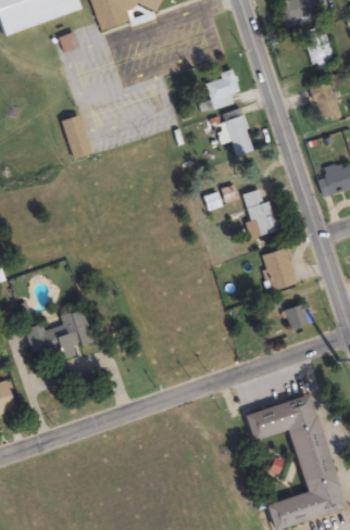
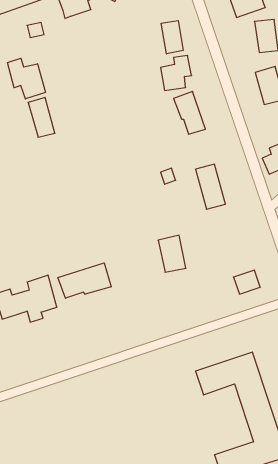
building: none -> [161,21,183,54]
building: none -> [8,58,45,99]
building: [265,250,296,290] -> [158,235,186,272]
building: none -> [58,263,111,298]

